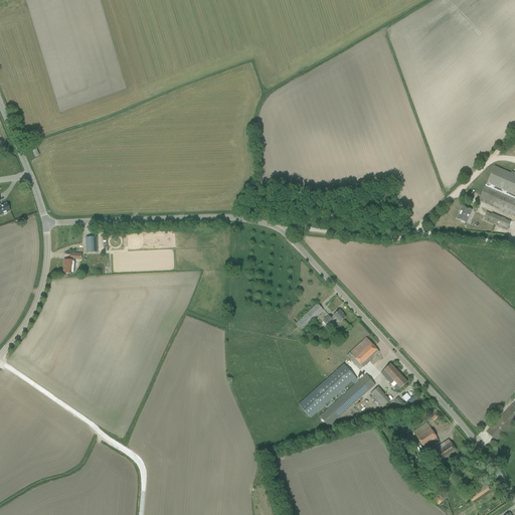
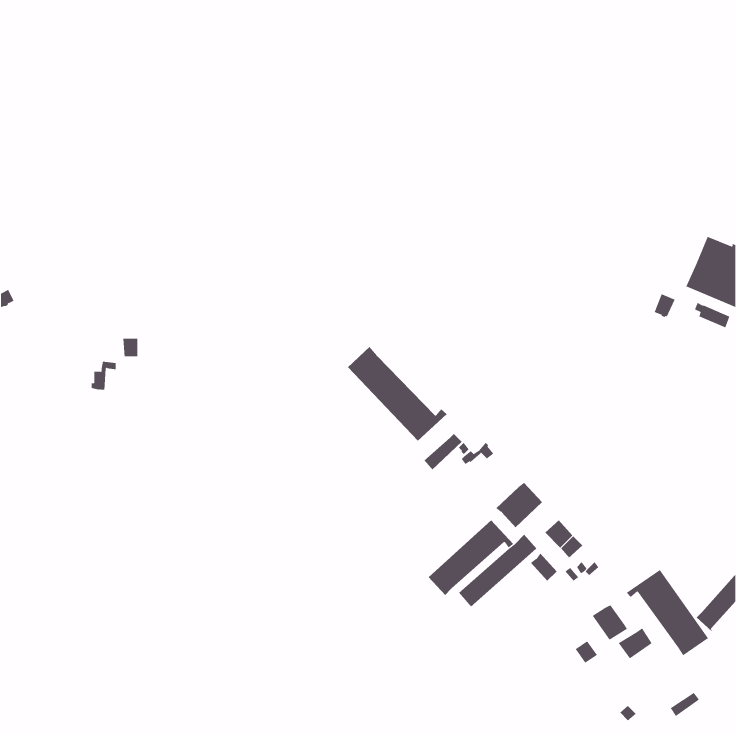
building: none -> [347,346,448,442]
building: none -> [626,569,709,656]

